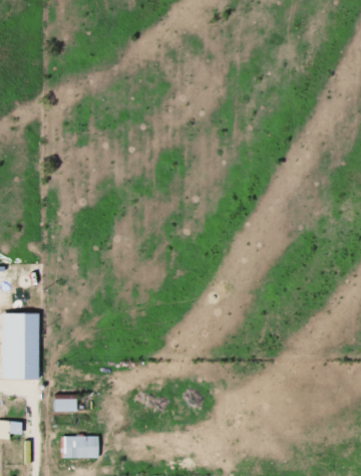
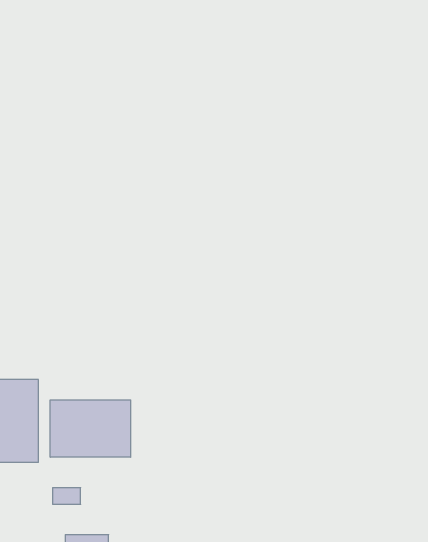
building: none -> [50,400,131,457]

